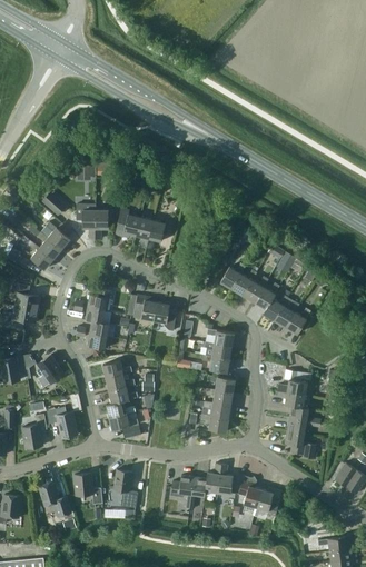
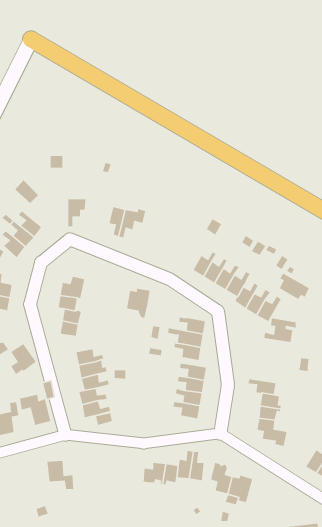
building: [76,203,95,239] -> none
building: [115,208,140,238] -> none
building: none -> [279,273,310,300]
building: [132,295,157,321] -> none
building: [277,370,310,396] -> [263,318,297,343]
building: [113,470,137,508] -> none
building: [38,481,70,517] -> none

